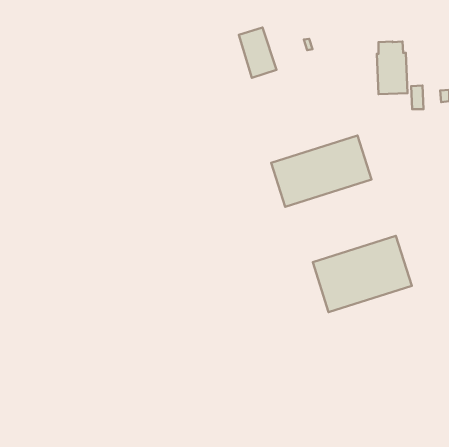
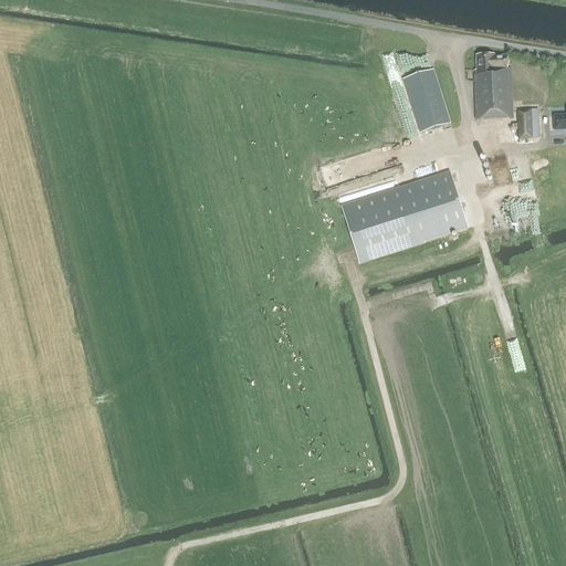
building: [239,28,277,78] -> [402,67,450,130]
building: [313,236,412,312] -> none

